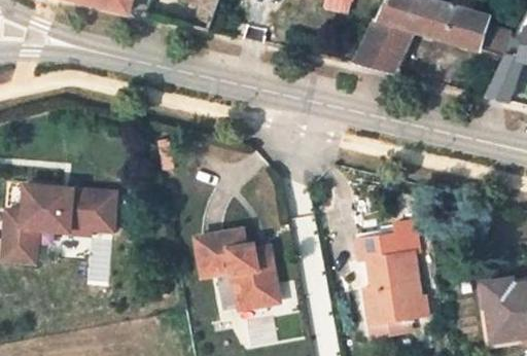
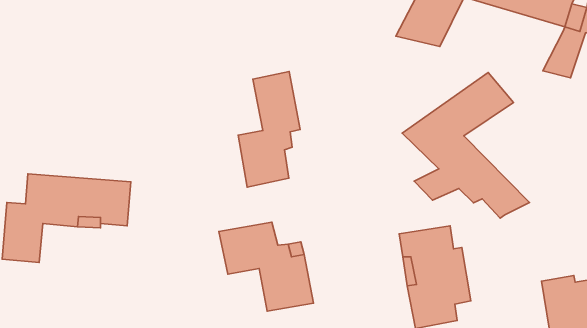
building: none -> [238,71,300,187]
building: none -> [402,72,529,218]

